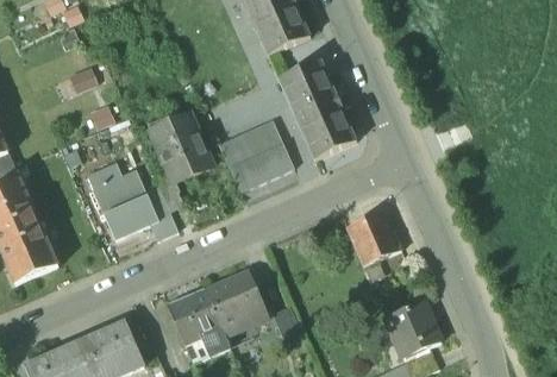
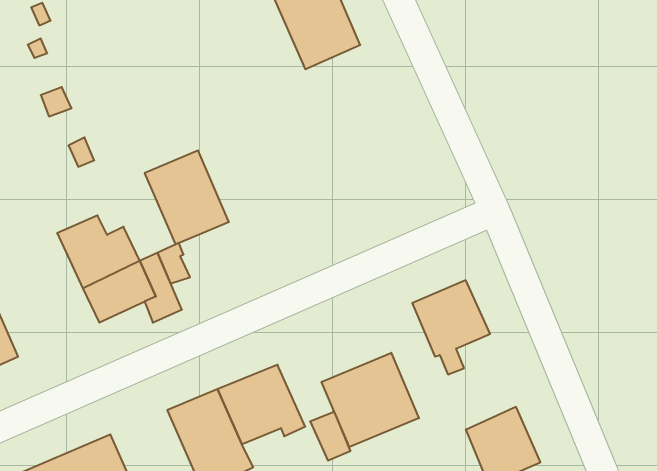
building: [278,61,355,158] -> none
building: [218,119,294,191] -> none
building: none -> [322,353,419,447]

